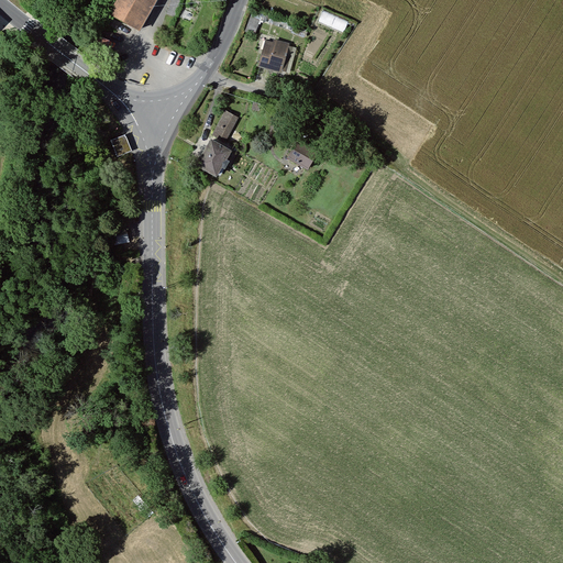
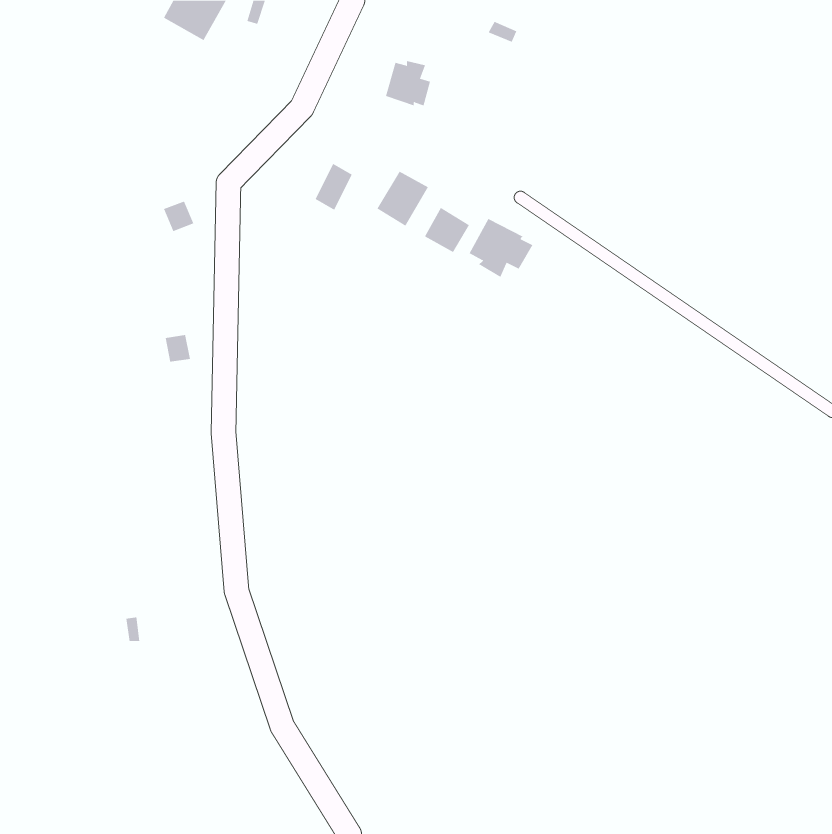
building: [196,139,231,176] -> [376,171,429,226]
building: none -> [469,218,533,278]

